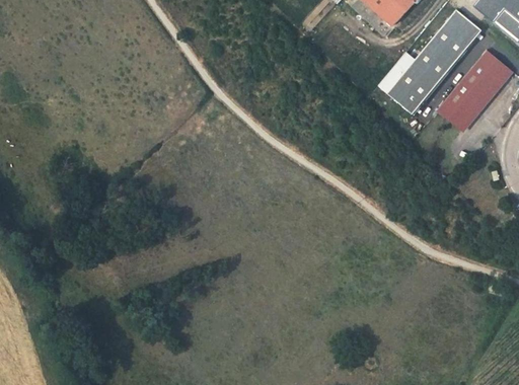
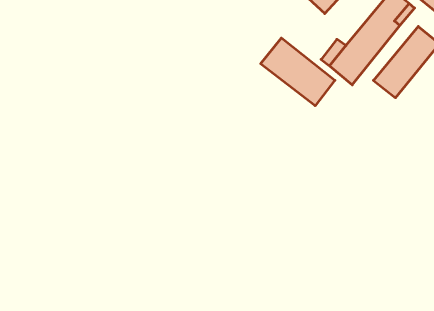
building: none -> [261,38,335,106]

